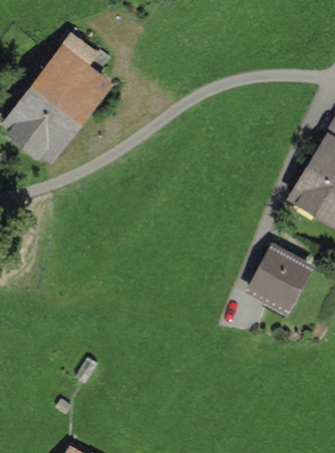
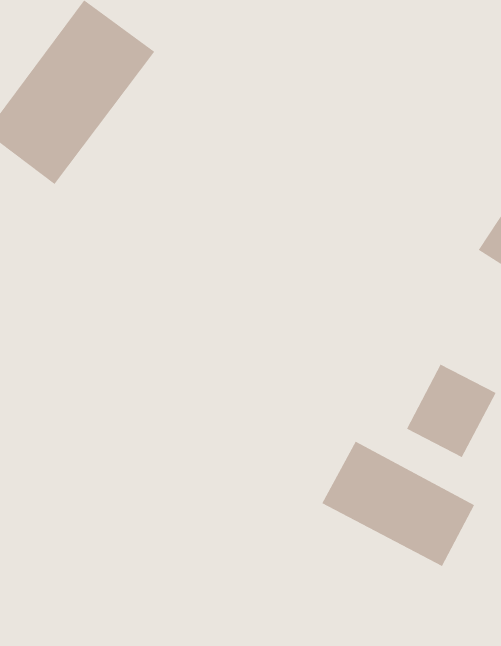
building: none -> [322,441,475,567]

